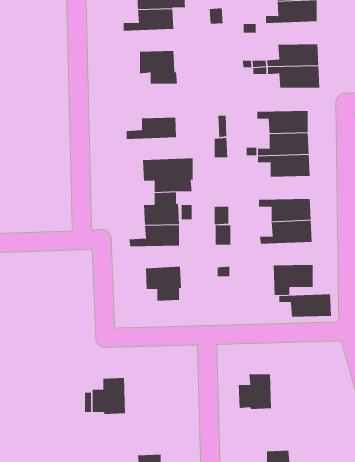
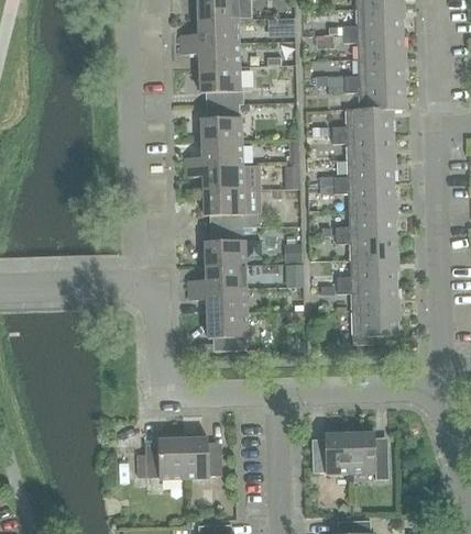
building: none -> [342,33,403,59]
building: none -> [180,42,239,67]
building: none -> [200,104,241,143]
building: none -> [331,109,392,135]
building: none -> [184,165,261,190]
building: none -> [335,209,394,235]
building: none -> [188,288,247,313]
building: [278,294,332,317] -> [337,283,397,310]
building: none -> [349,432,388,479]
building: none -> [183,436,221,478]

